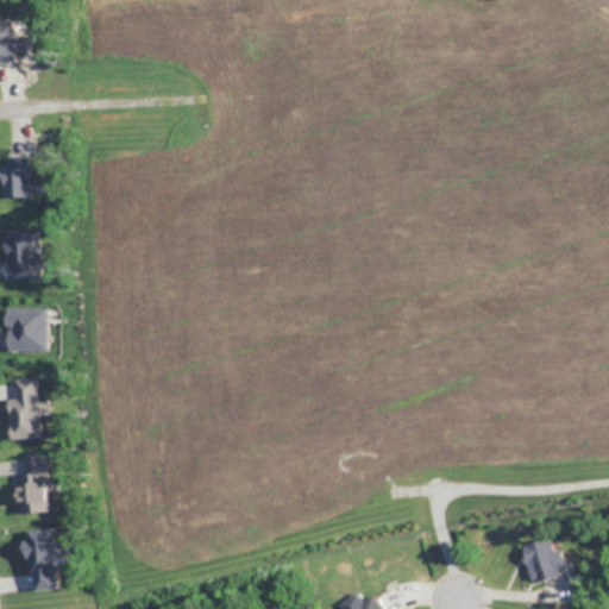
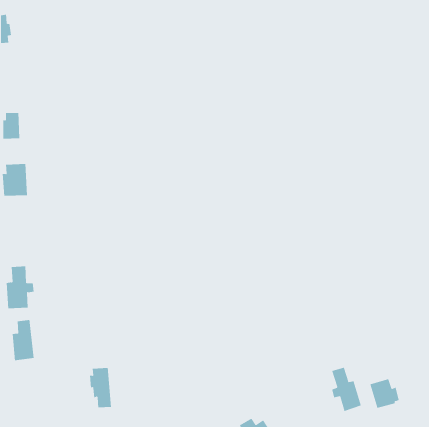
building: [7,309,46,351] -> none
building: none -> [331,367,362,412]
building: [24,532,56,589] -> [89,368,112,408]

